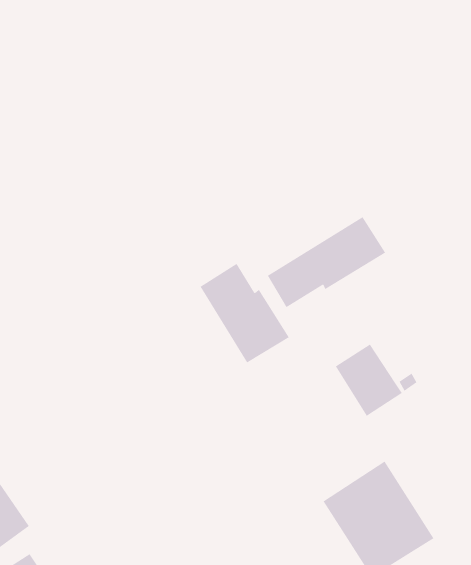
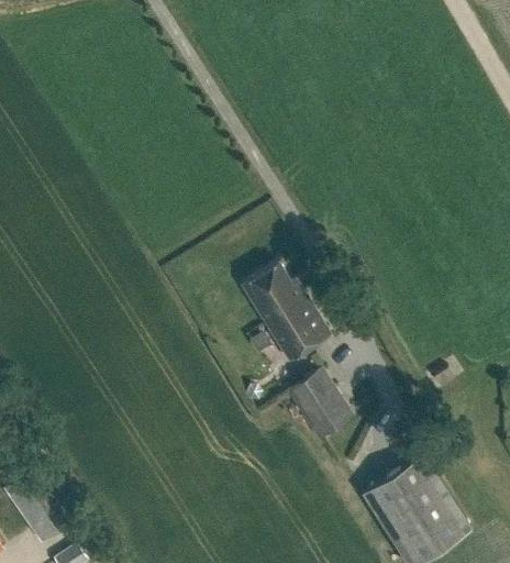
building: [267,216,386,308] -> none
building: [335,343,403,417] -> [288,369,354,441]

